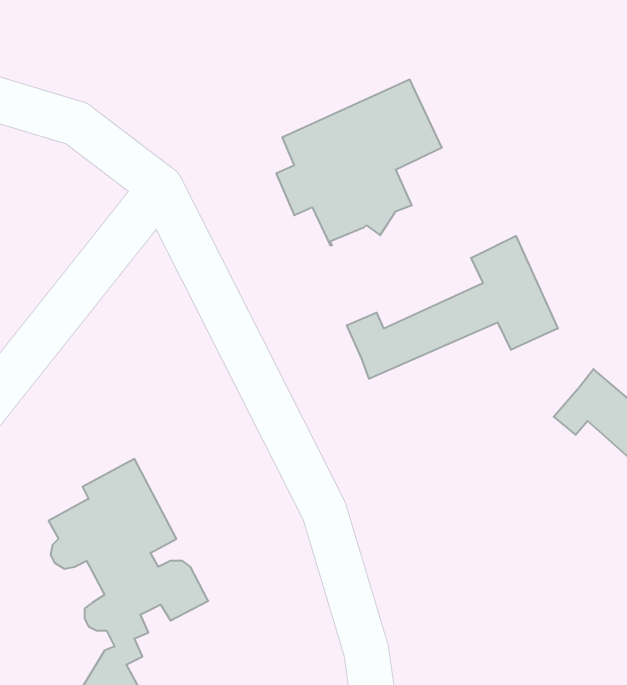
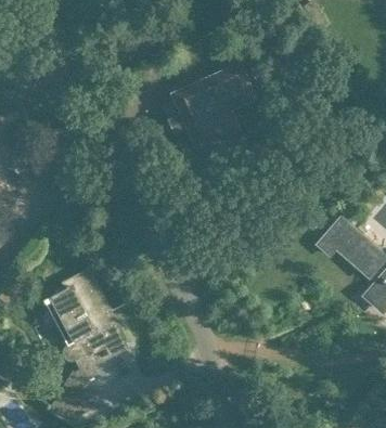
building: [347,236,558,379] -> none

